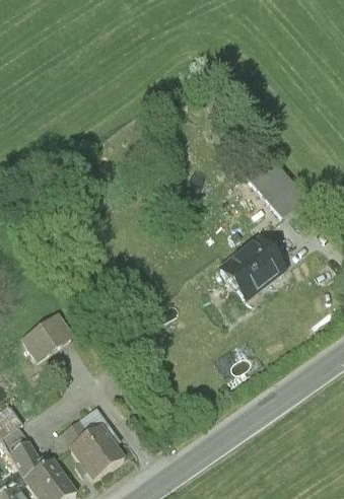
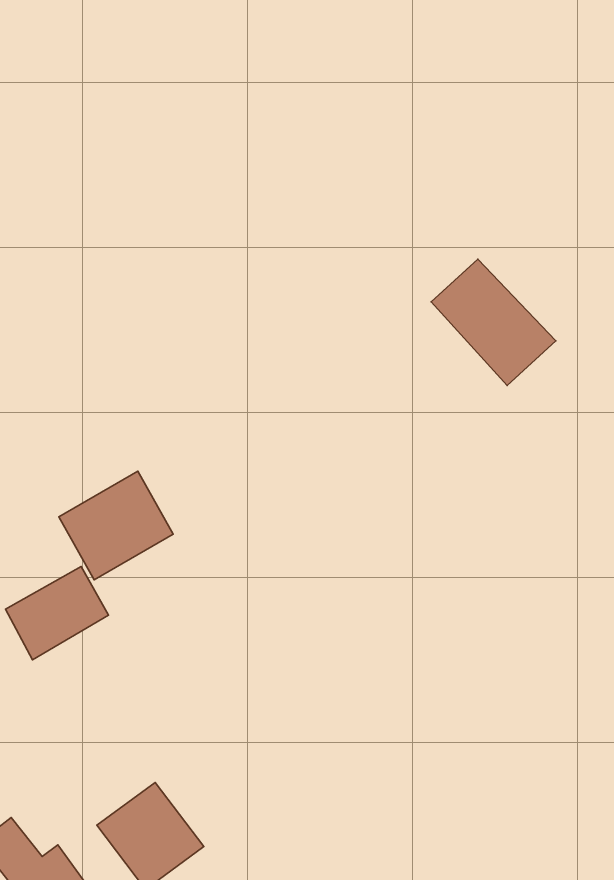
building: [219,233,287,299] -> none
building: none -> [59,471,173,580]

